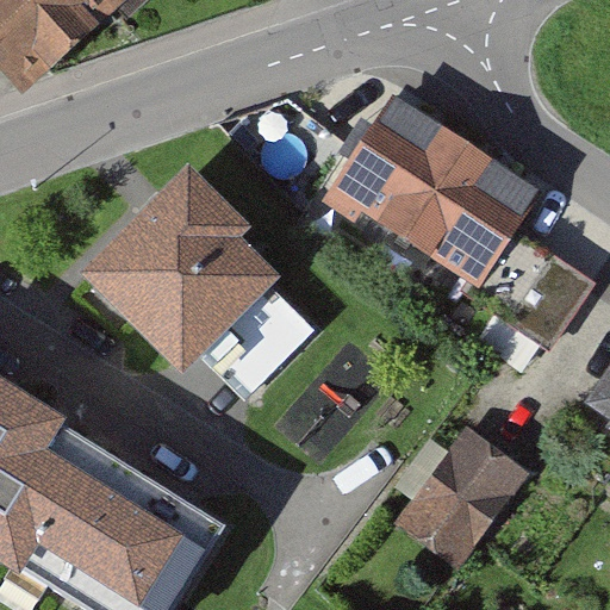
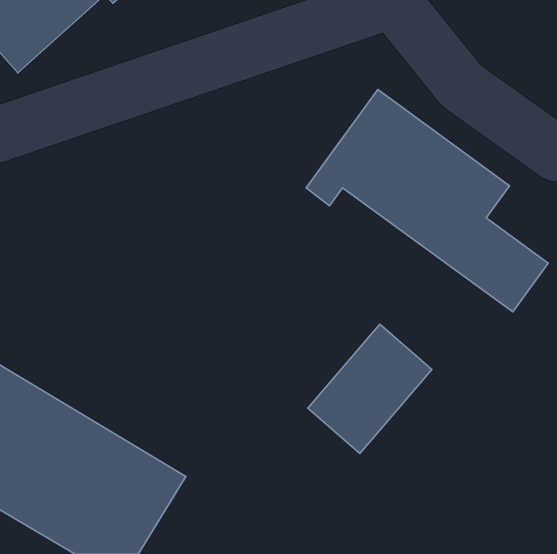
building: [82,181,272,369] -> none
building: [397,427,530,566] -> [308,324,432,453]

